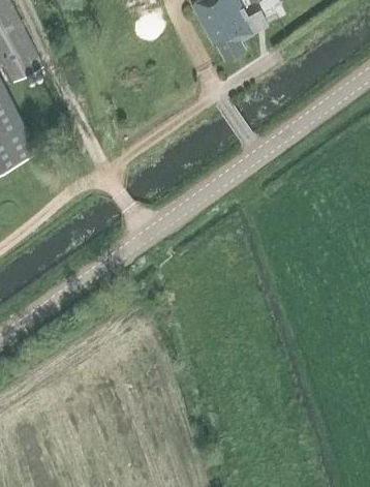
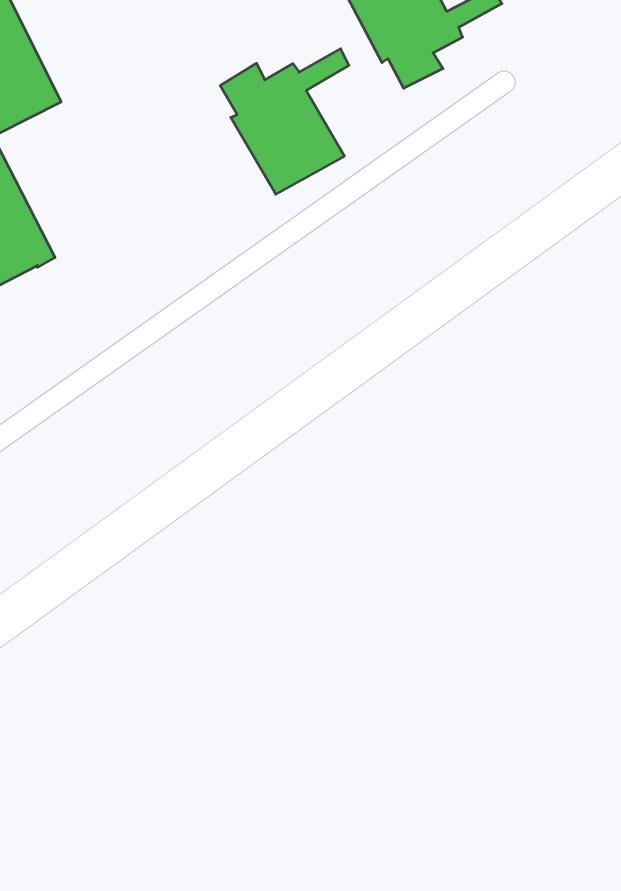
building: none -> [220,49,349,194]

